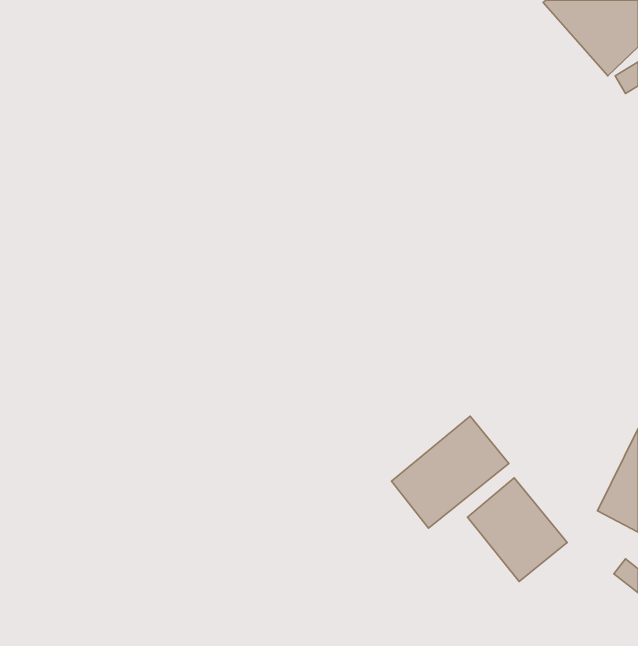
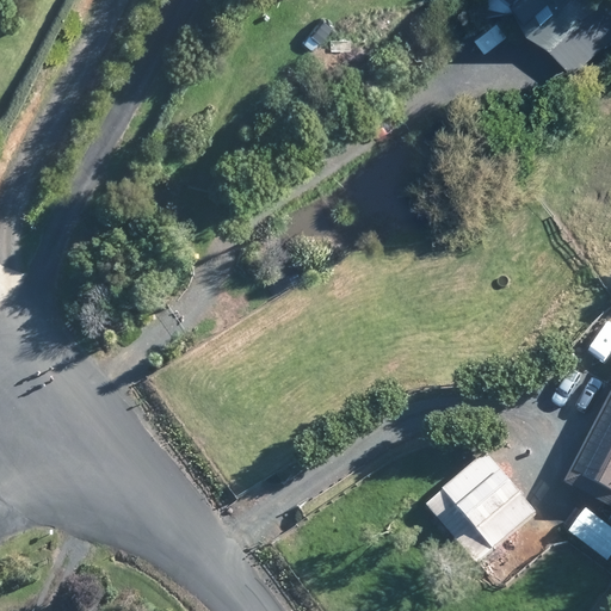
building: [391,416,509,528] -> none

